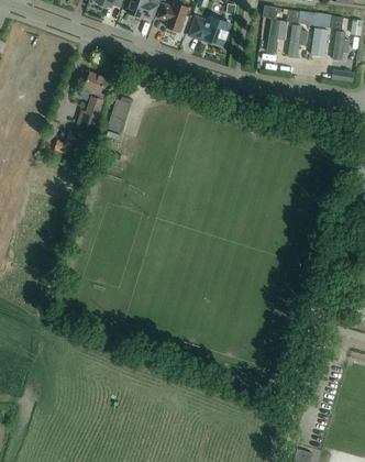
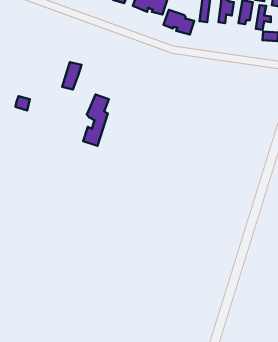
building: none -> [164,10,194,35]
building: [77,73,107,132] -> [83,94,109,146]

